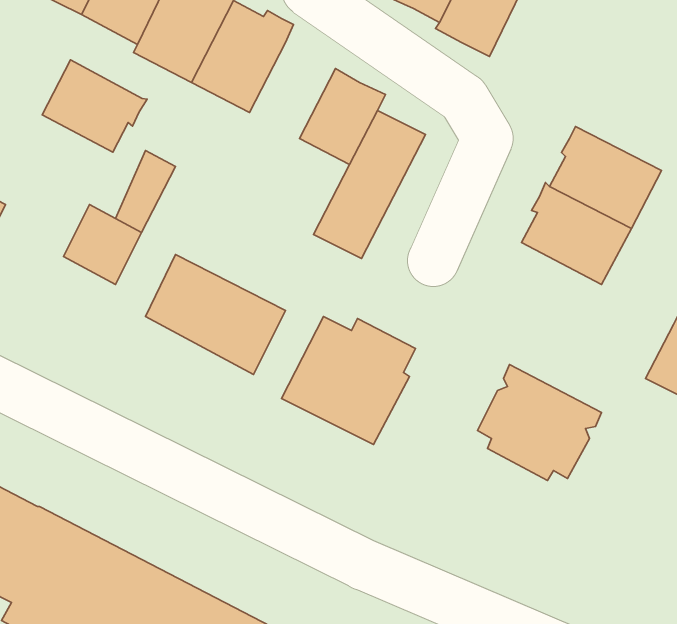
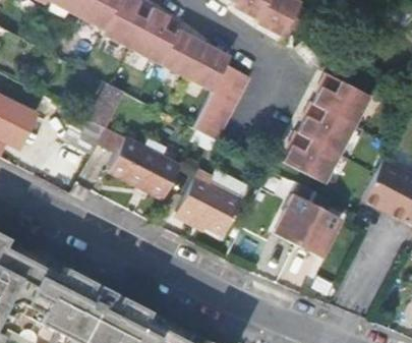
building: none -> [161,28,204,77]
building: [42,60,147,152] -> none
building: none -> [284,129,340,181]

